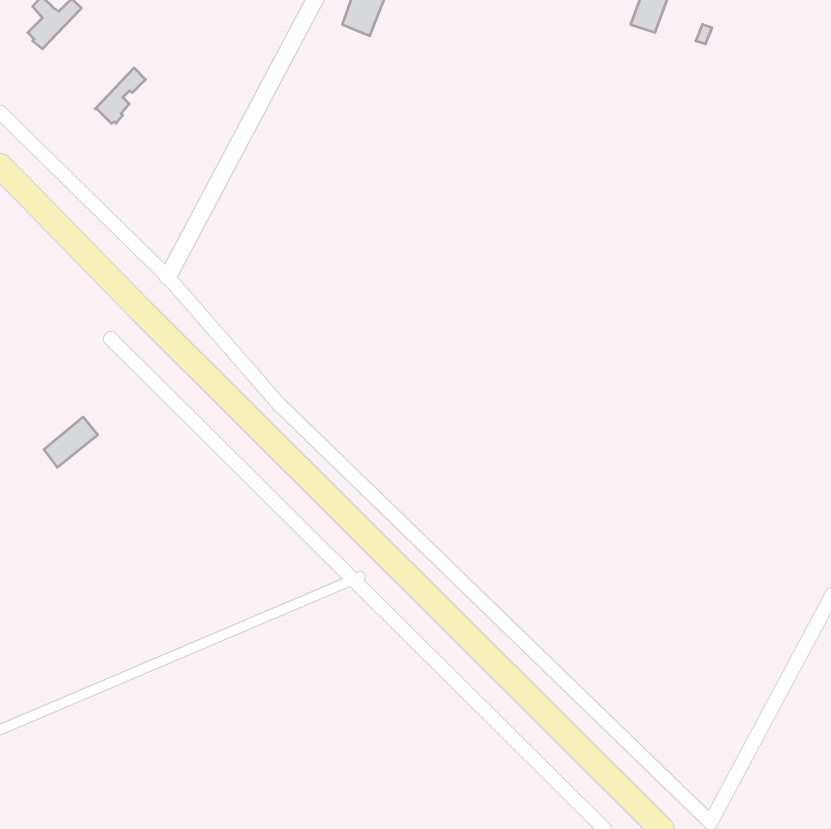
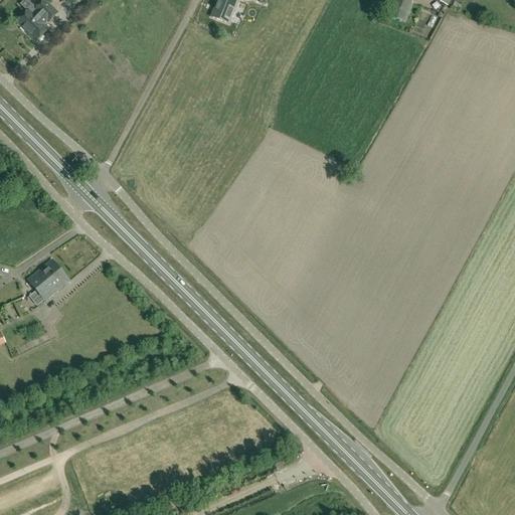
building: [95,68,146,123] -> [27,5,58,39]
building: none -> [36,269,70,300]

